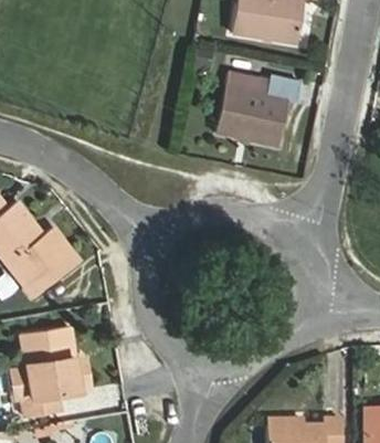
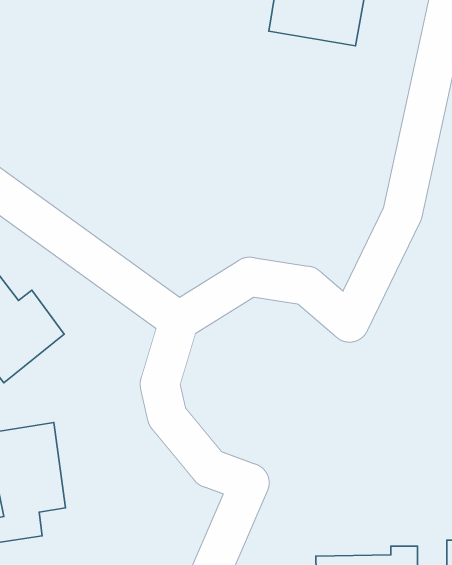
building: [214,72,299,146] -> none

